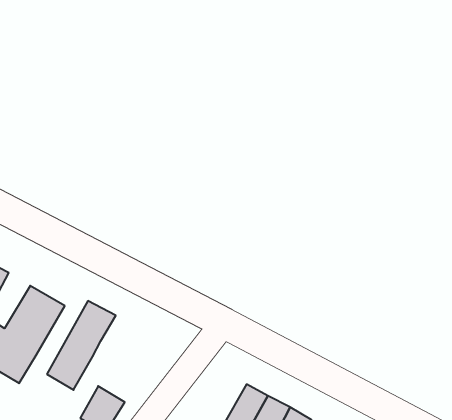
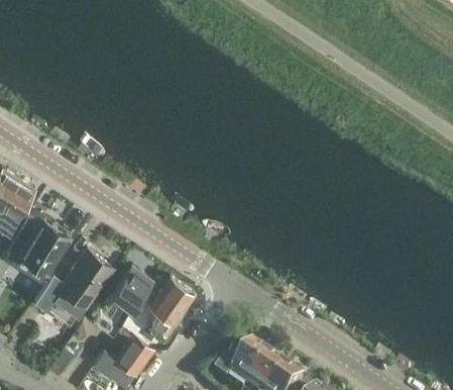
building: none -> [136,271,191,332]

